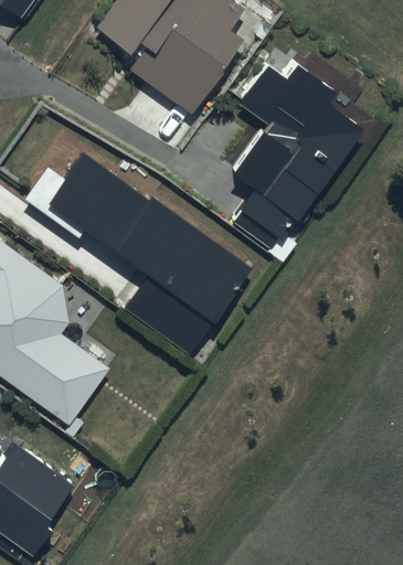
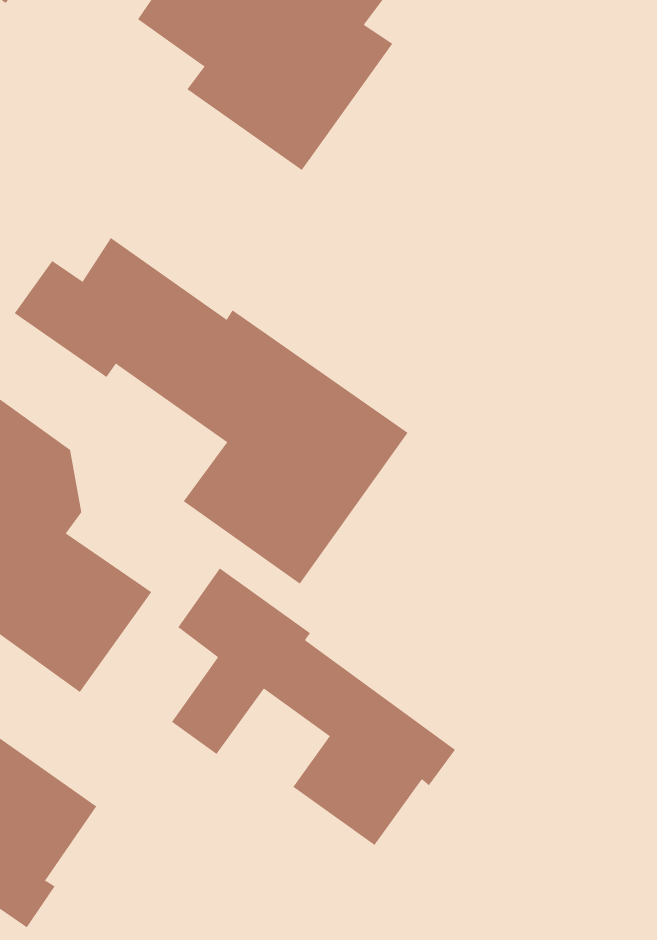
building: [229,64,367,248] -> none
building: none -> [171,568,456,846]

